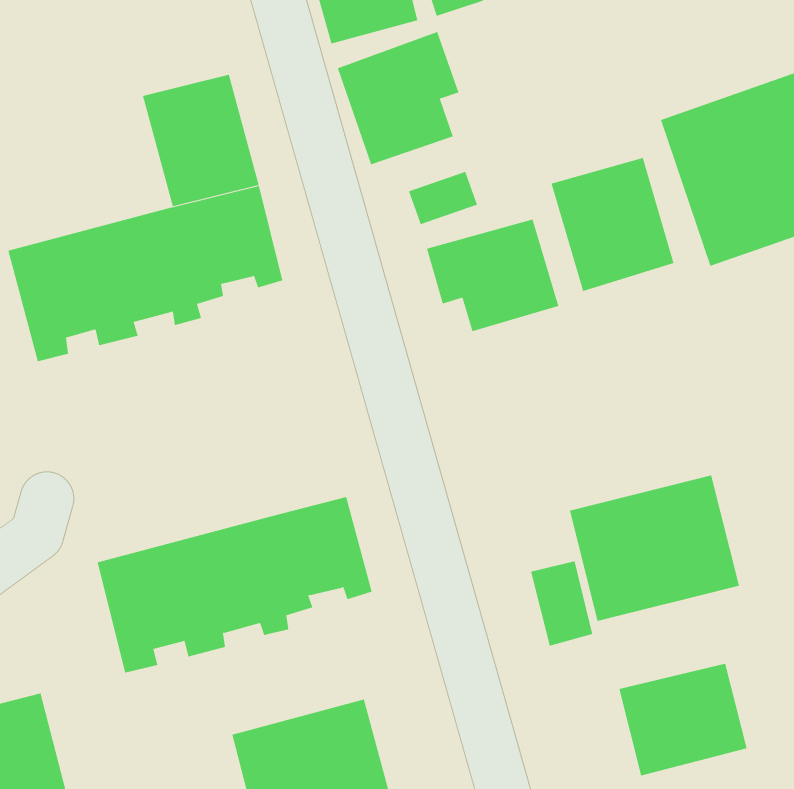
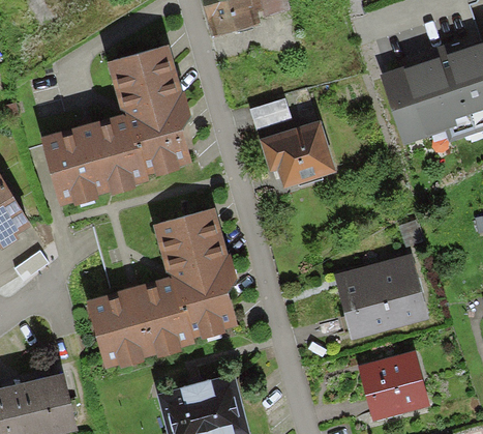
building: [337,31,459,165] -> none
building: [551,157,674,292] -> none
building: none -> [160,210,220,280]
building: [531,561,593,647] -> none

